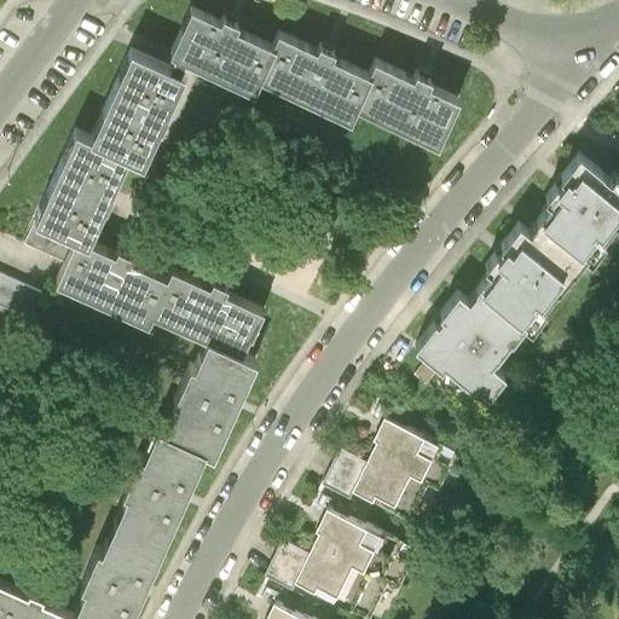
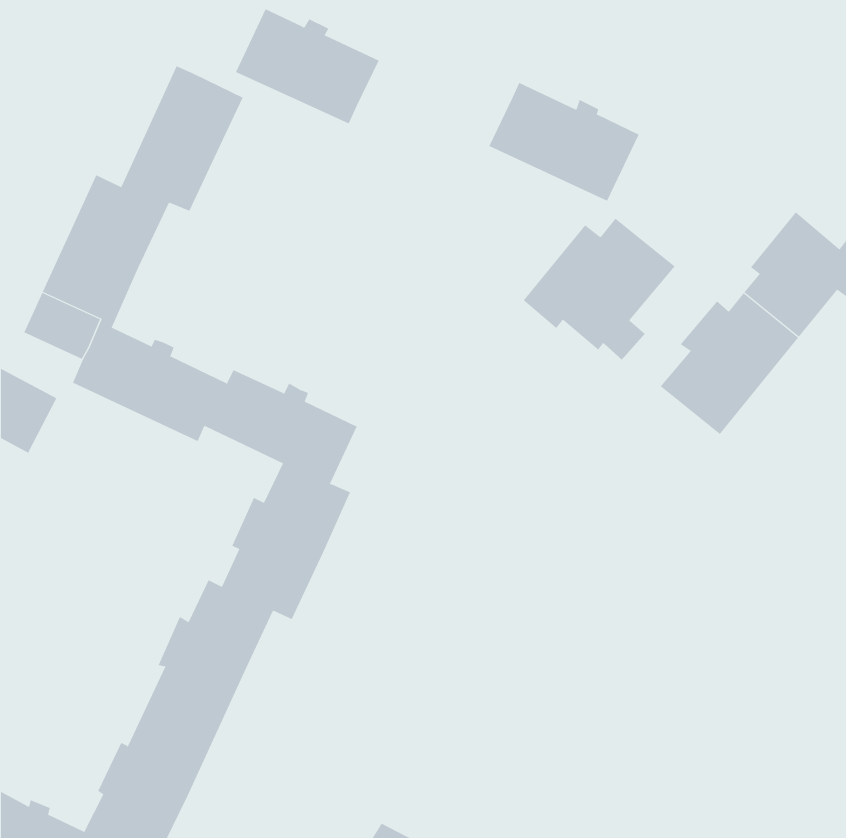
building: [266,44,377,133] -> none
building: [417,293,527,395] -> [523,218,676,361]
building: [330,423,446,510] -> none
building: [273,513,386,608] -> none

